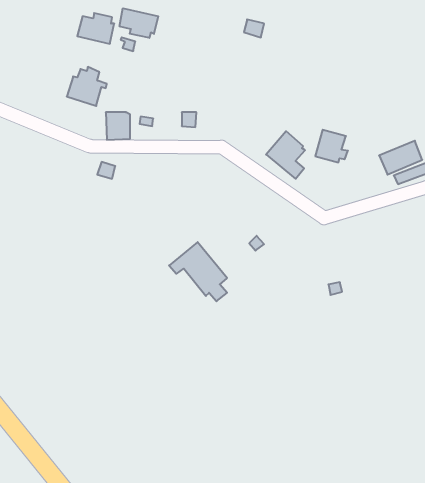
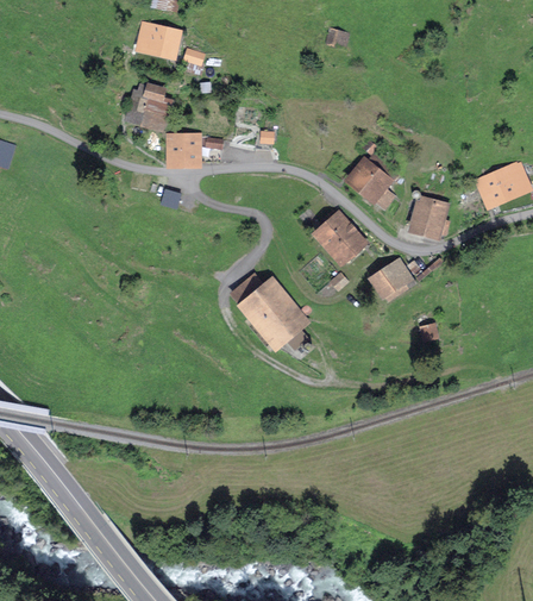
building: [120,8,158,38] -> none
building: [315,130,348,162] -> [410,199,447,236]
building: none -> [314,213,363,262]
building: none -> [370,262,408,299]

